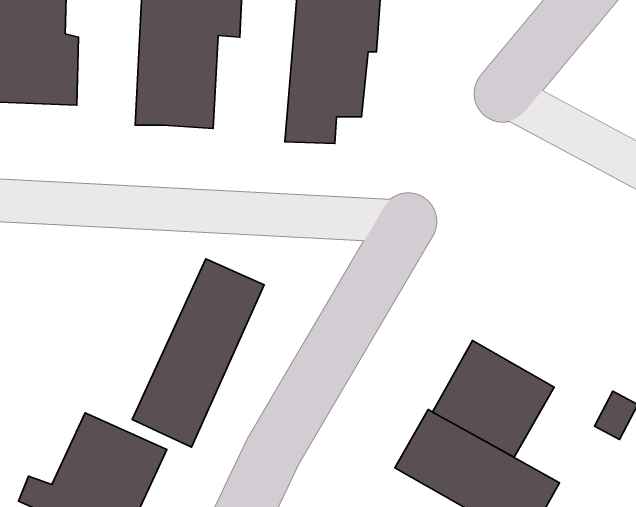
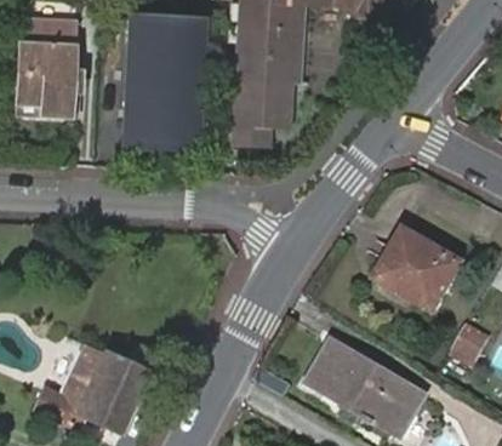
building: none -> [142,68,198,144]
building: [132,259,264,447] -> none
building: [433,341,554,457] -> [378,228,467,313]

